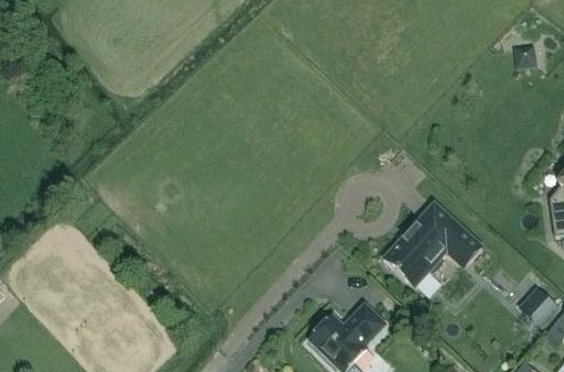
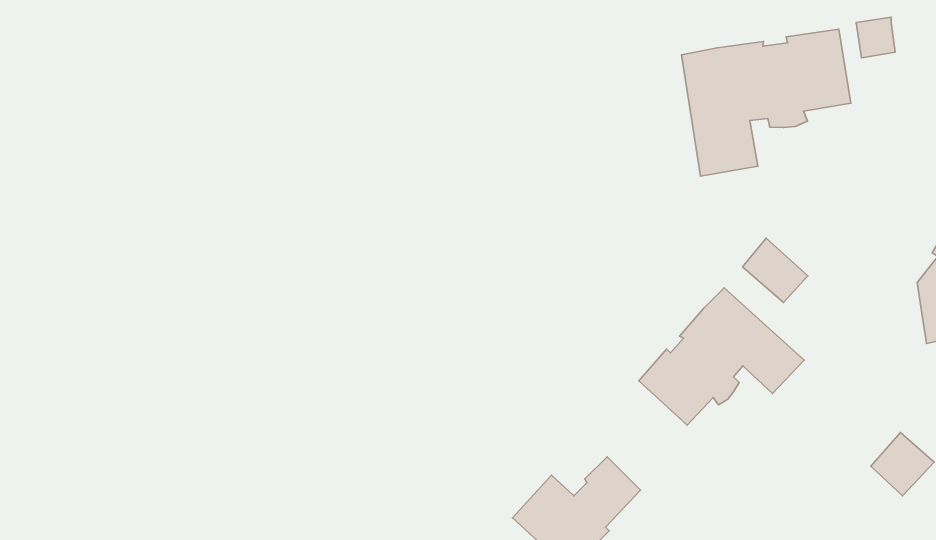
building: none -> [682,29,851,176]
building: none -> [743,238,808,303]

